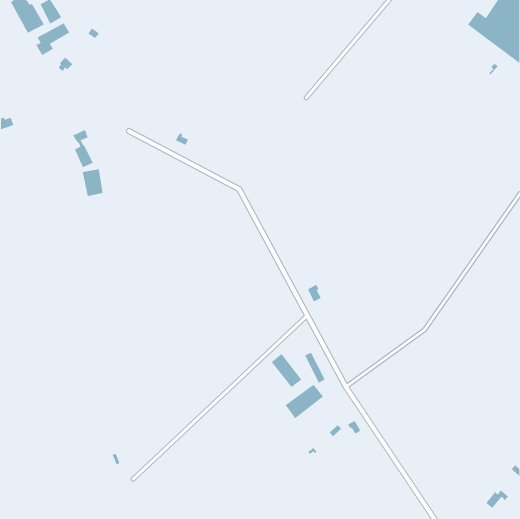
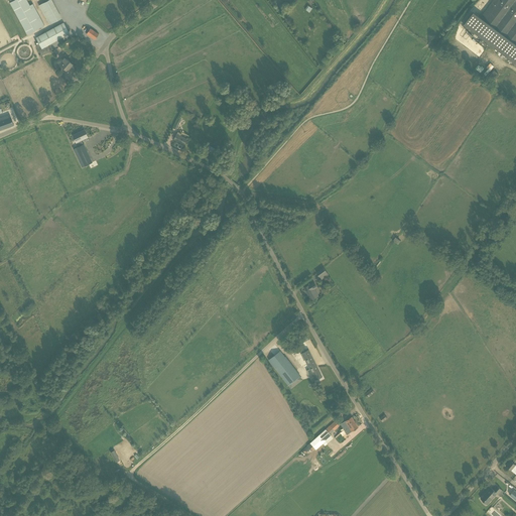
building: [82,169,103,197] -> none
building: [285,384,324,419] -> none

